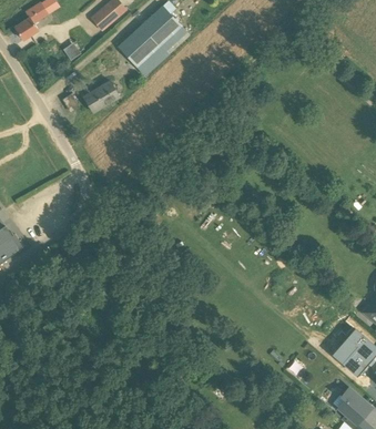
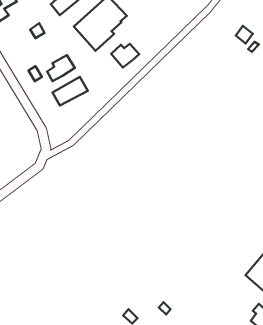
building: none -> [111,44,139,68]
building: none -> [52,77,88,106]

